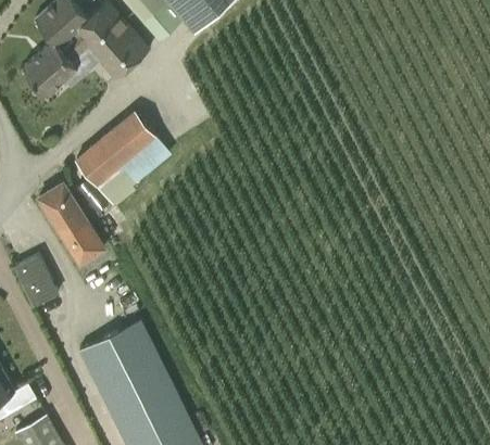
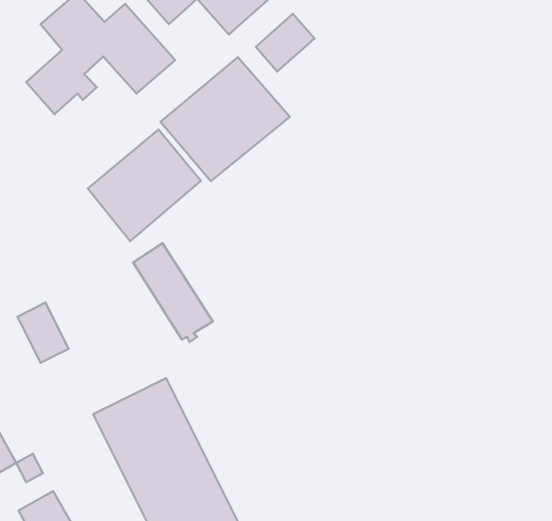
building: none -> [256,14,315,71]
building: none -> [160,57,290,181]
building: [38,183,105,267] -> [133,243,213,342]

